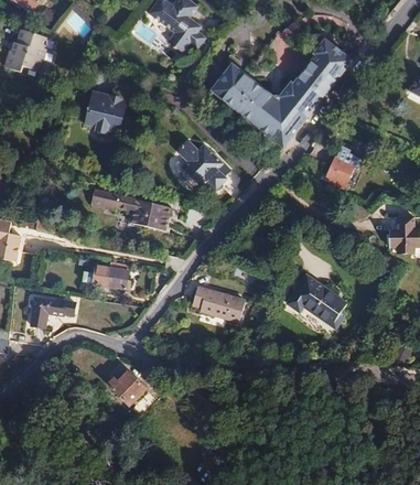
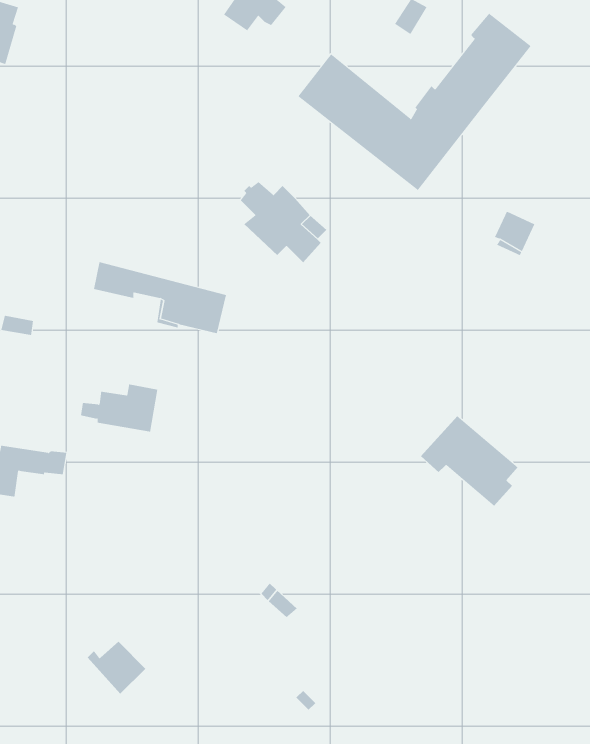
building: [85,93,123,132] -> none
building: [193,287,244,320] -> none
building: [110,370,146,402] -> [87,641,146,695]

